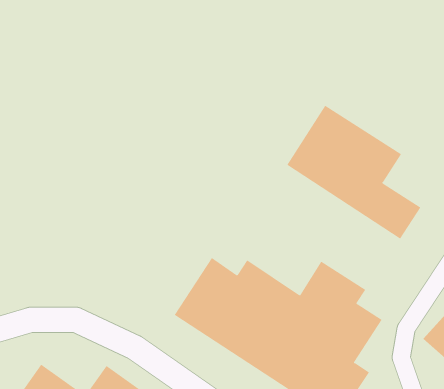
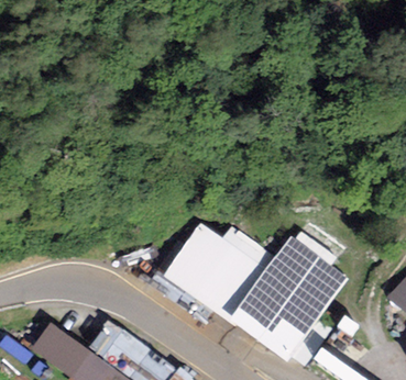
building: [287,105,421,239] -> none

